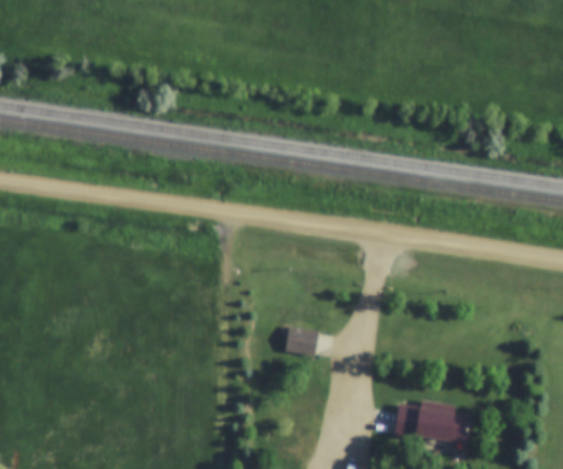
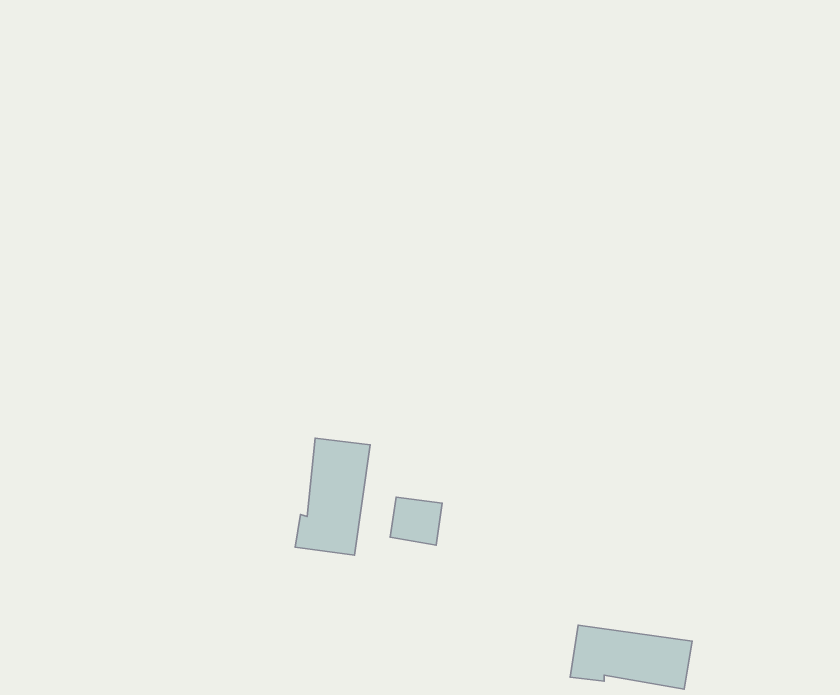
building: none -> [295,438,370,555]

